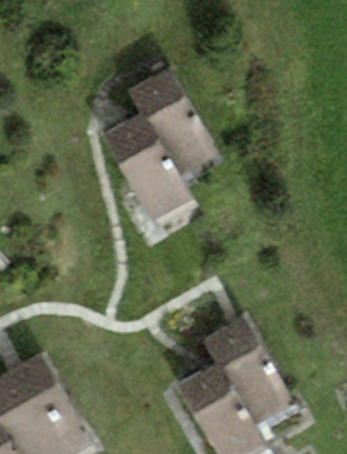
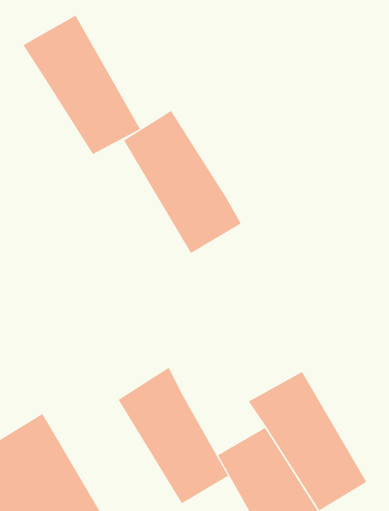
building: [127,66,220,177] -> [23,15,141,155]
building: none -> [118,367,229,504]

